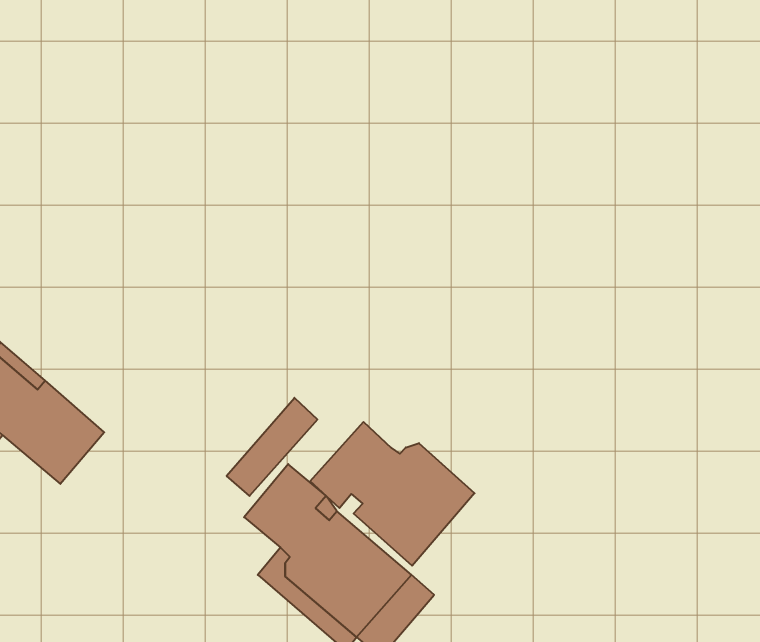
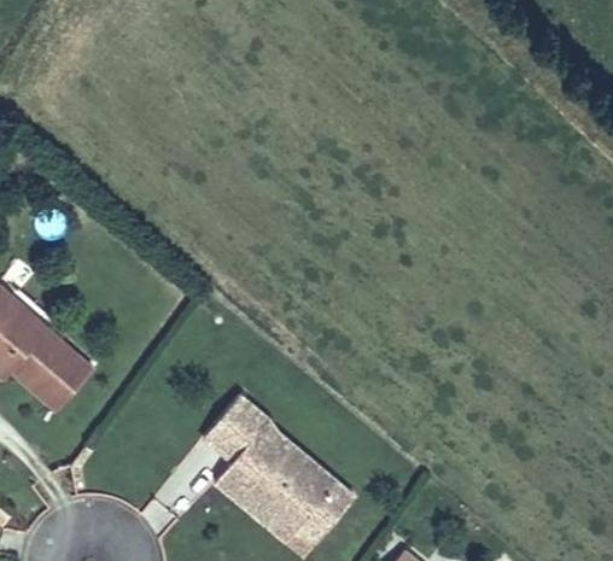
building: [227,398,317,496] -> none
building: [310,422,475,566] -> none

